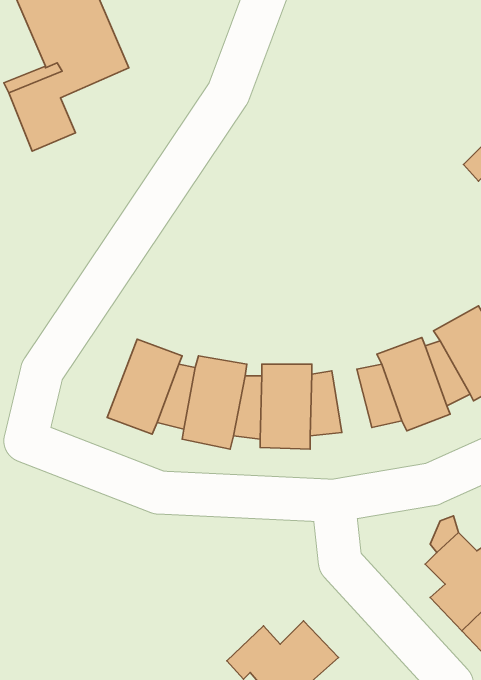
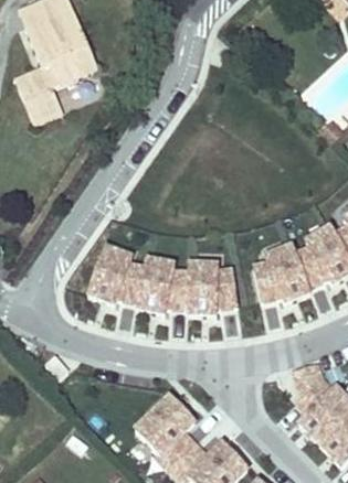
building: none -> [125,386,188,460]

